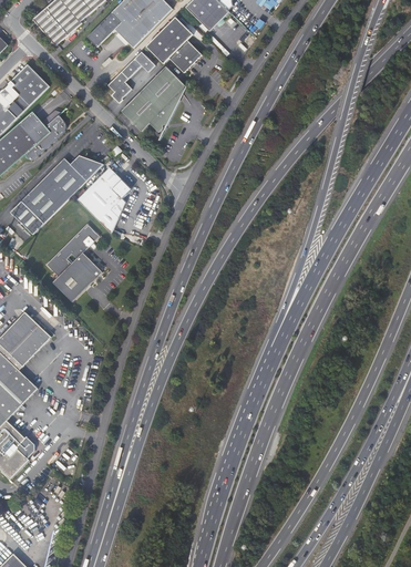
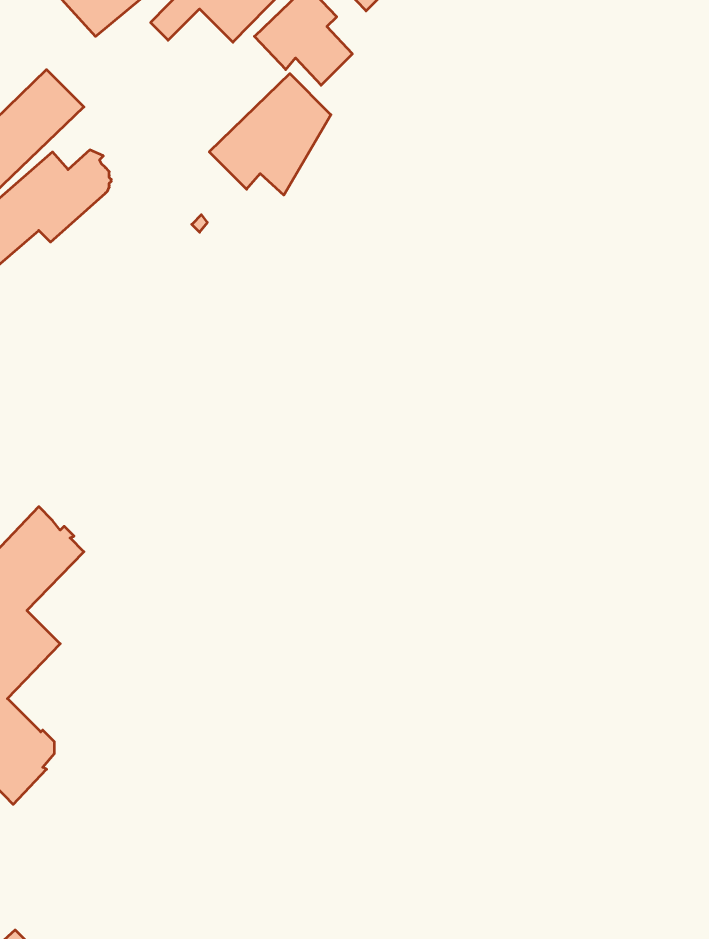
building: [105,51,157,106] -> none
building: [9,155,102,235] -> none
building: [76,166,127,234] -> none
building: [44,223,101,301] -> none

